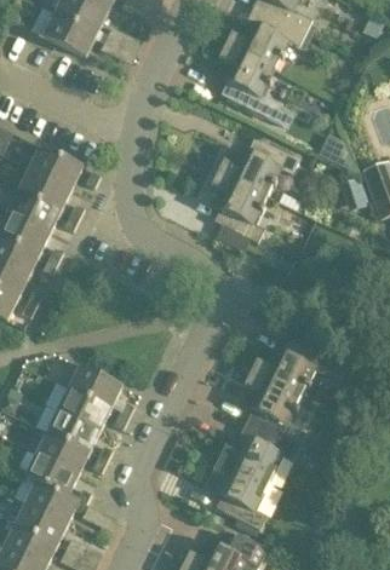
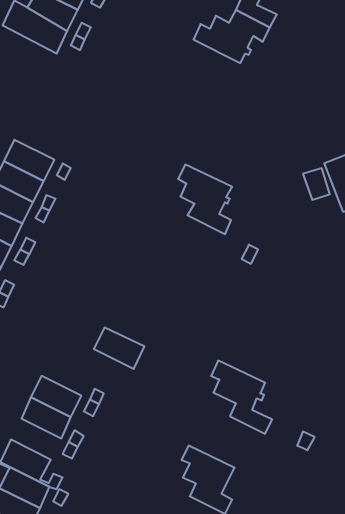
building: [218,42,274,114] -> none
building: [217,140,298,194] -> none
building: [251,341,331,395] -> none
building: [69,365,121,408] -> [94,328,144,369]
building: [220,428,299,482] -> none
building: [38,431,90,473] -> none

